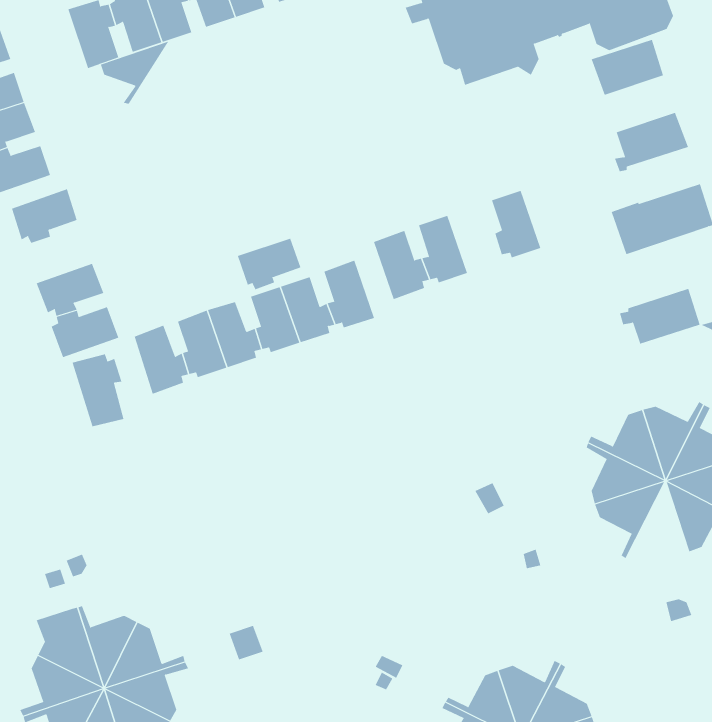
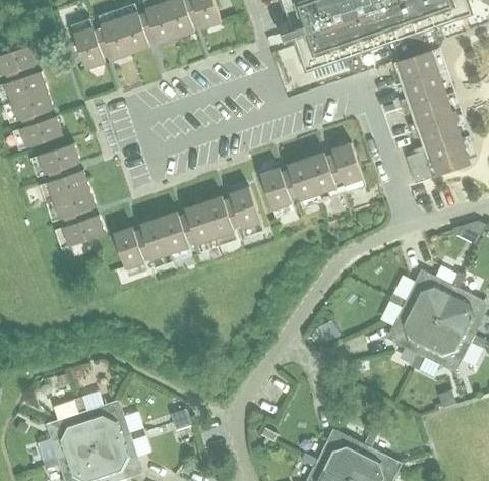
building: [100,41,170,105] -> none
building: none -> [401,73,445,116]
building: none -> [306,153,339,194]
building: none -> [48,170,88,200]
building: [237,238,301,290] -> none
building: [619,288,701,345] -> [411,117,461,152]
building: [72,353,124,427] -> none
building: none -> [415,321,453,370]

